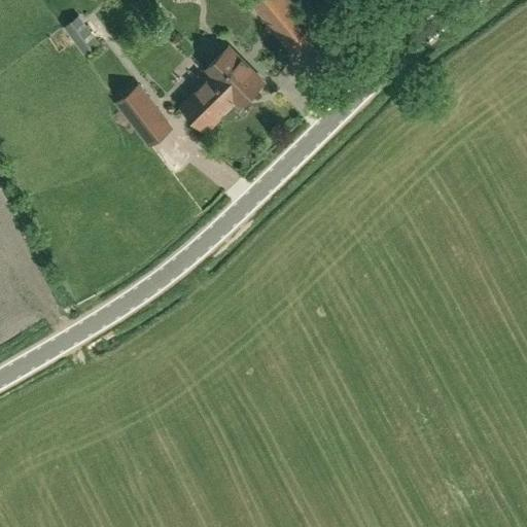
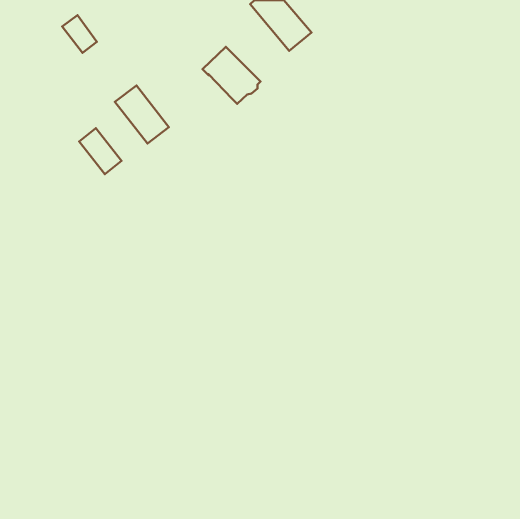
building: [181,76,235,131] -> none
building: none -> [79,128,122,174]

